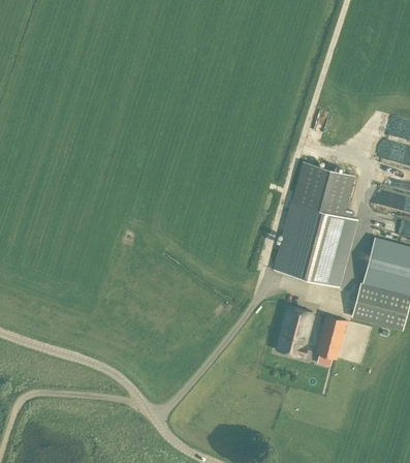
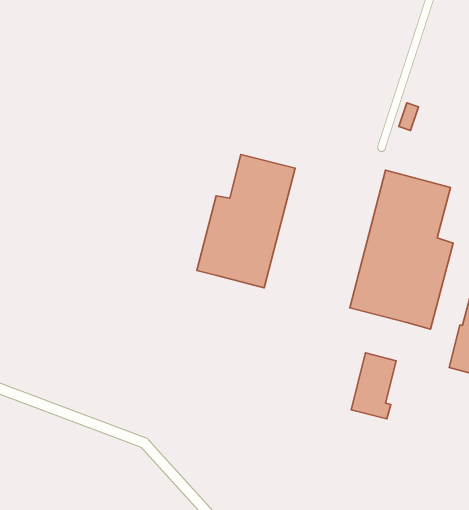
building: none -> [197,154,295,288]
building: [315,316,347,359] -> none

